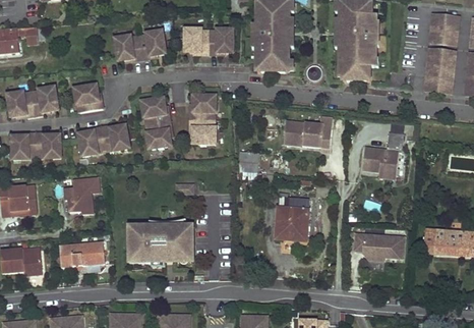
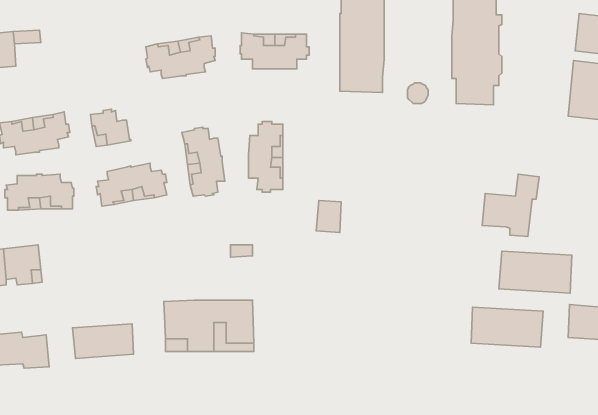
building: [283,118,322,147] -> none
building: [63,176,99,212] -> none
building: none -> [499,251,572,293]
building: [273,196,308,241] -> none

